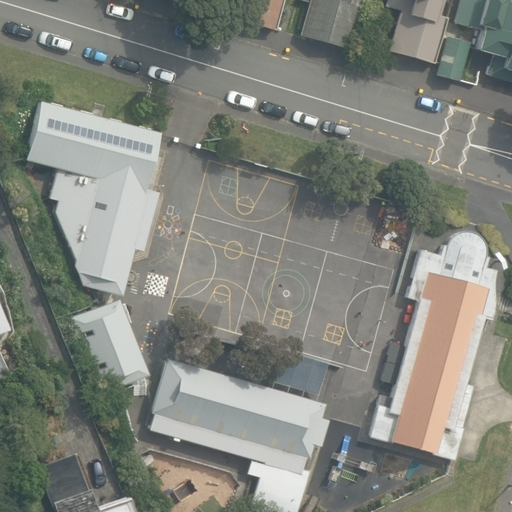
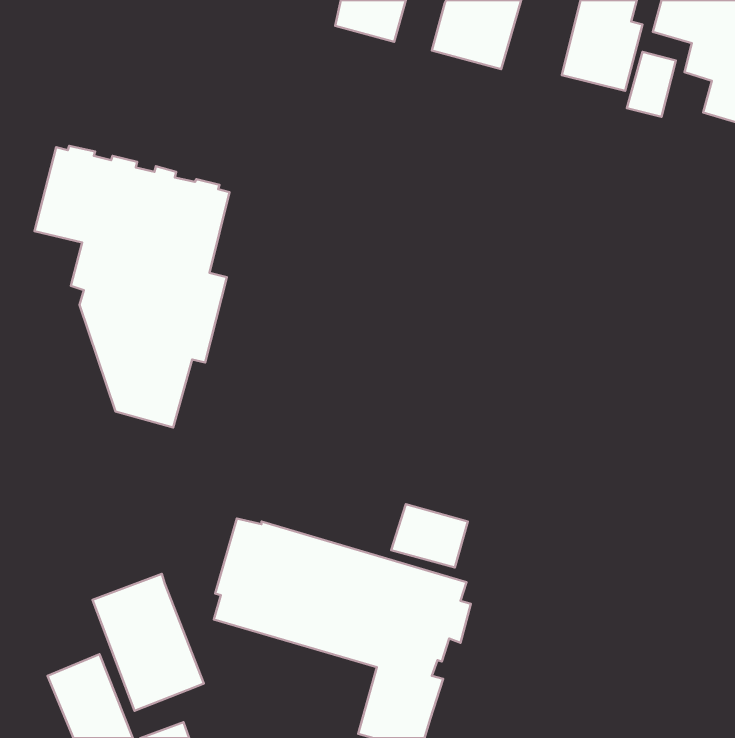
building: [369,231,497,459] -> none
building: [72,298,149,393] -> [93,574,204,711]

